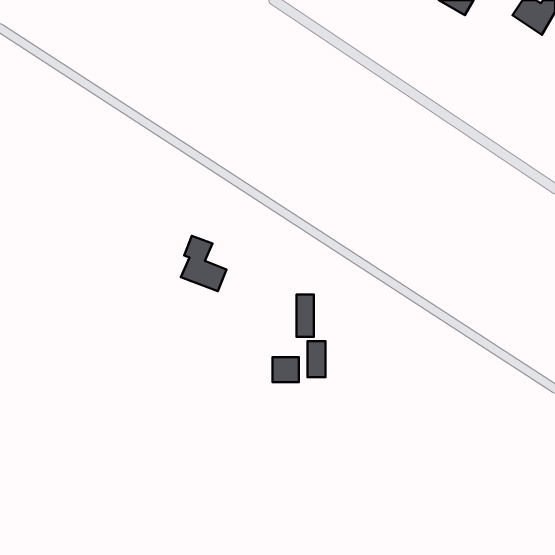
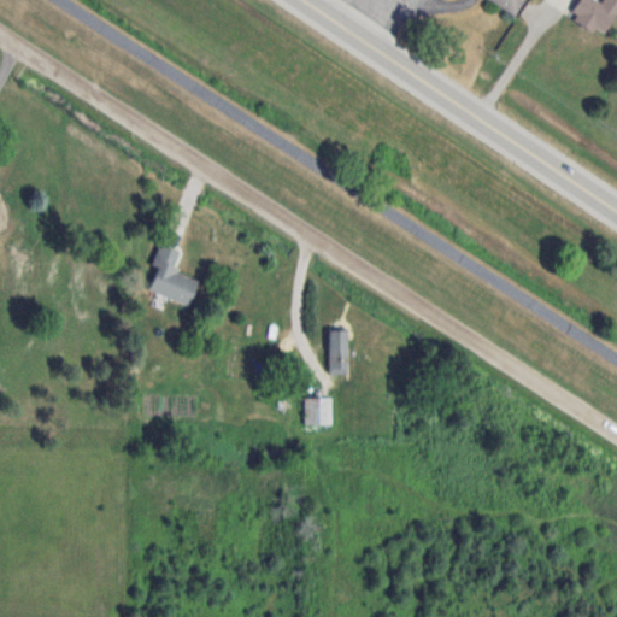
building: [181,236,227,291] -> [147,243,198,305]
building: [308,341,325,377] -> none

